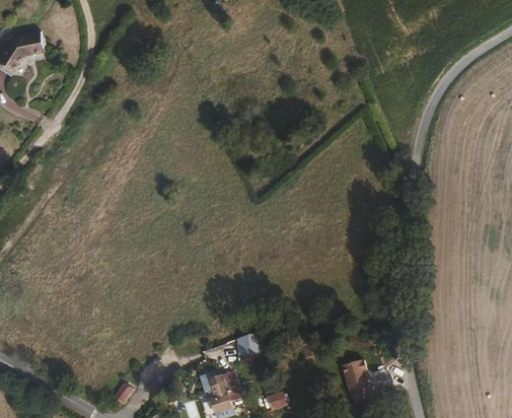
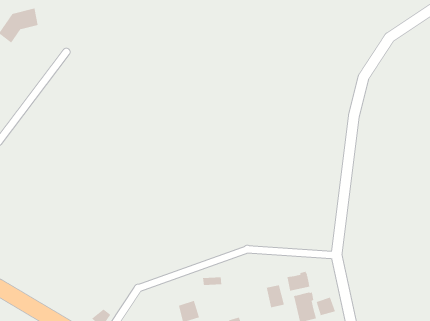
building: none -> [287,271,310,292]
building: none -> [266,284,285,308]

